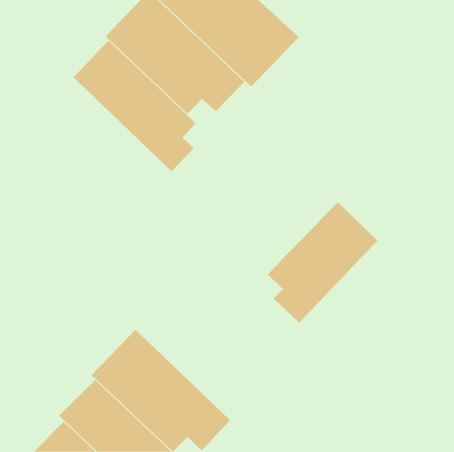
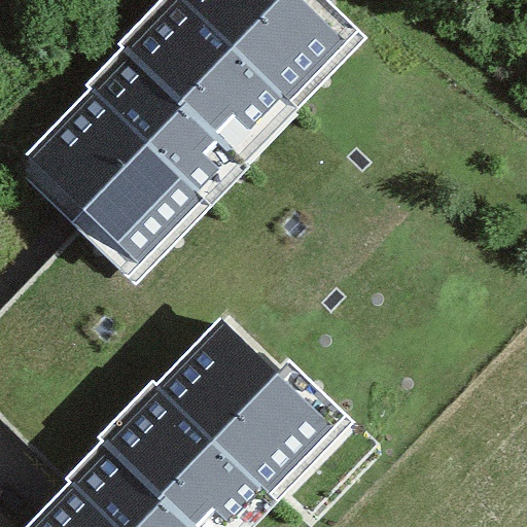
building: none -> [29,96,203,267]
building: [267,202,378,324] -> none
building: none -> [163,329,330,494]

